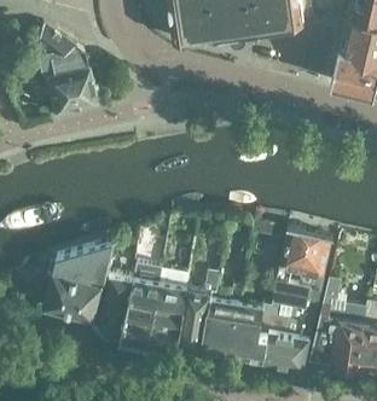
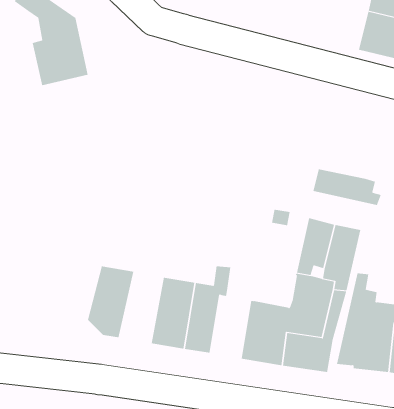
building: none -> [313,168,382,206]
building: [44,242,115,320] -> none
building: [122,278,161,341] -> none
building: [202,287,242,354] -> none

